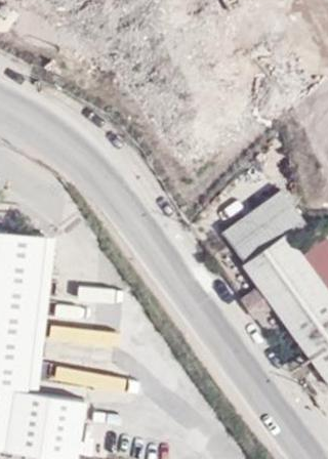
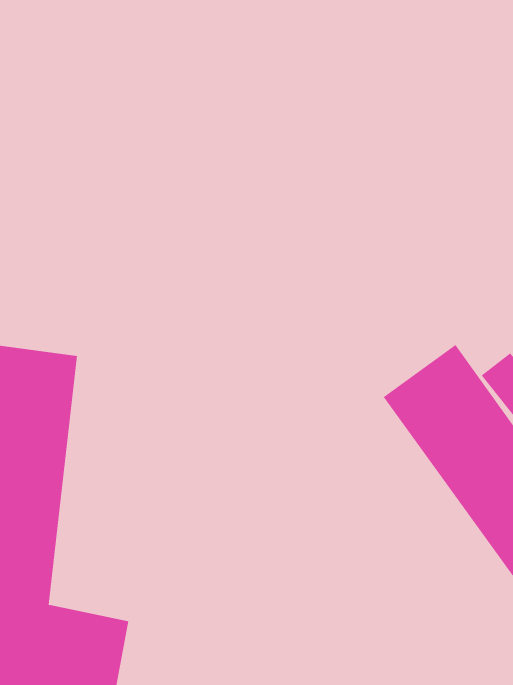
building: [219,190,303,264] -> none

